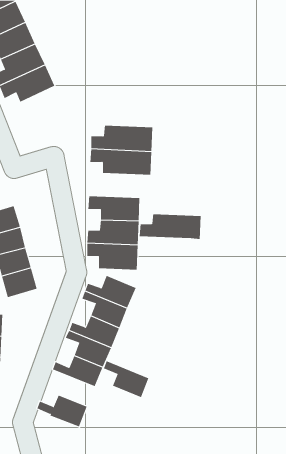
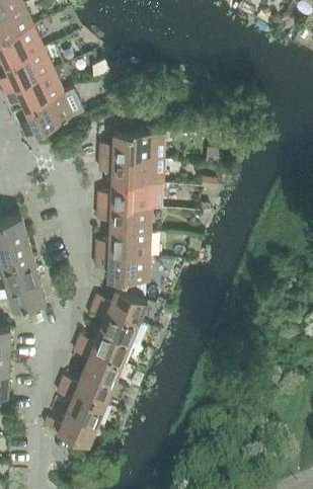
building: none -> [20,91,75,137]
building: [139,214,201,239] -> [98,181,163,208]
building: [103,361,149,398] -> [58,384,105,422]

